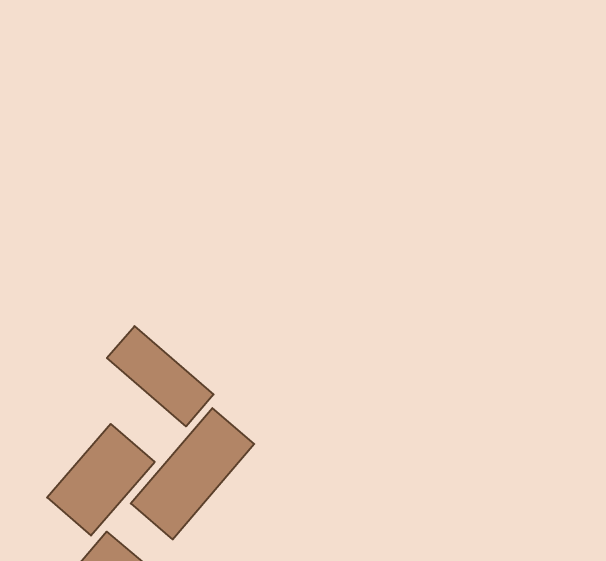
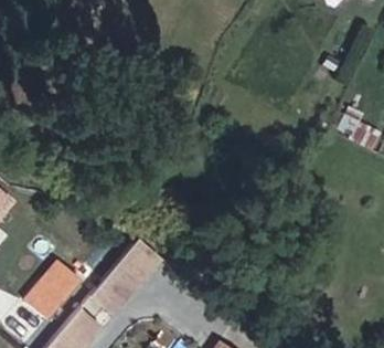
building: [107,326,214,426] -> none

